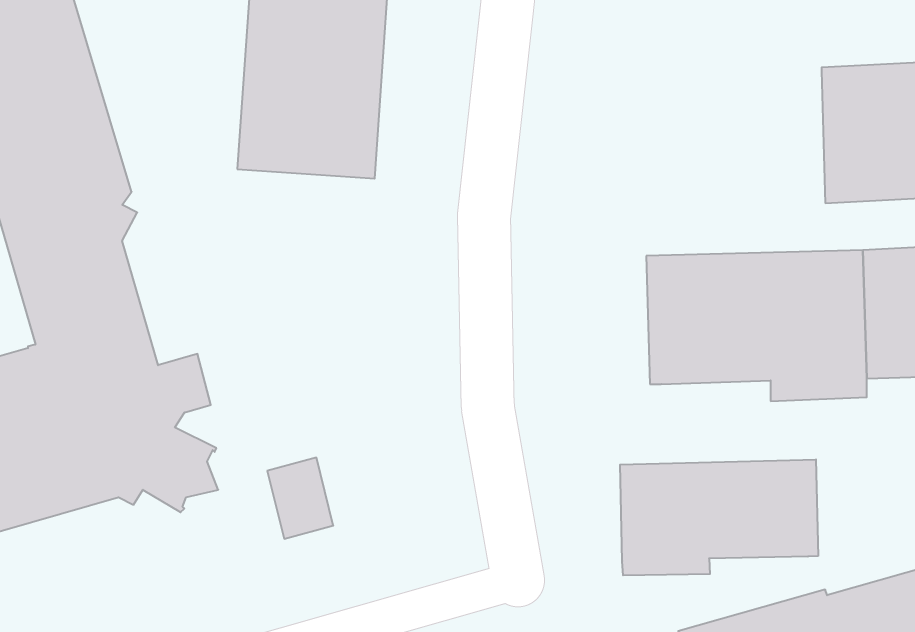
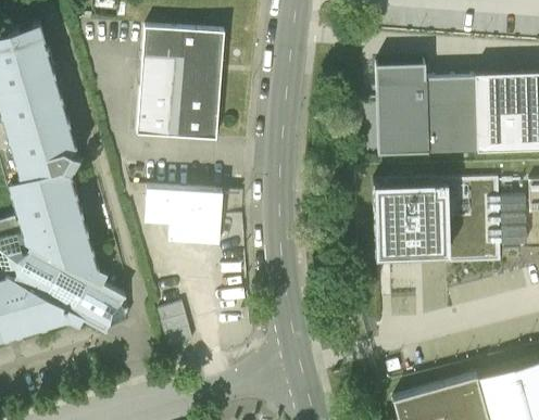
building: none -> [375,65,477,157]
building: none -> [143,189,222,245]
building: [620,459,818,575] -> none

